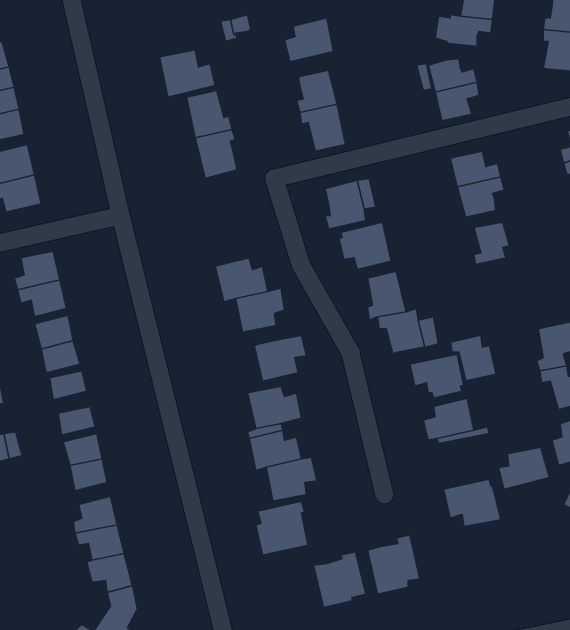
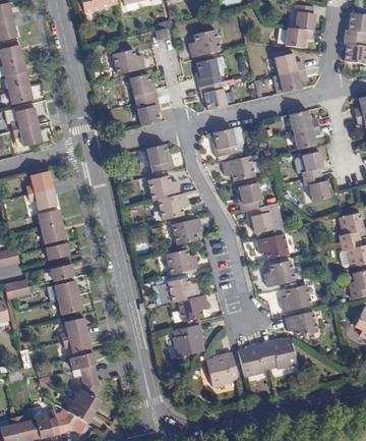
building: none -> [145,144,174,172]
building: [451,335,496,381] -> [303,174,330,202]
building: [499,447,549,489] -> [280,285,310,311]
building: none -> [263,338,296,369]

